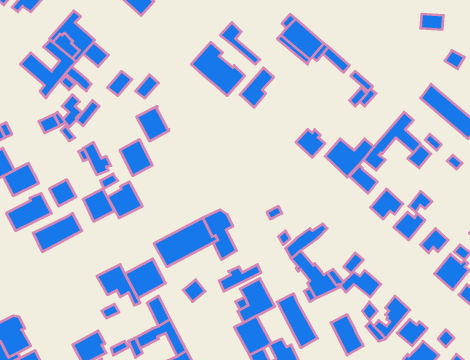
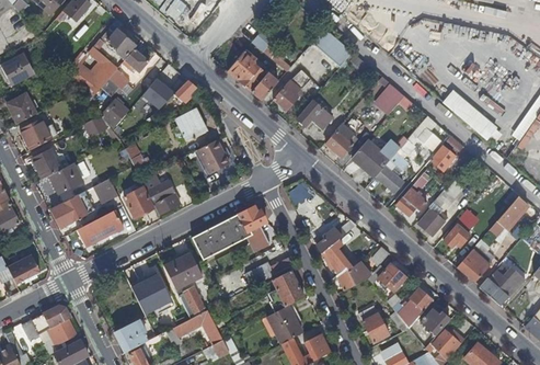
building: none -> [296,90,332,127]
building: [120,140,152,176] -> [198,139,229,173]
building: [277,294,318,348] -> none

